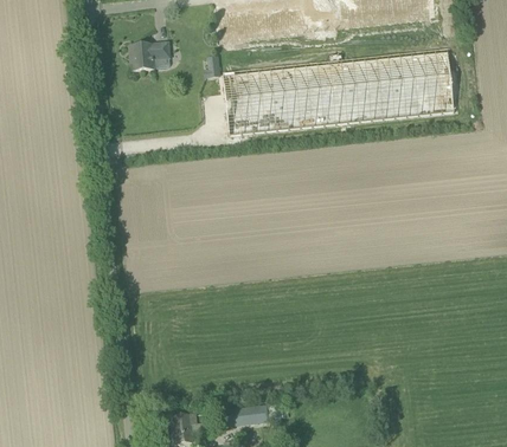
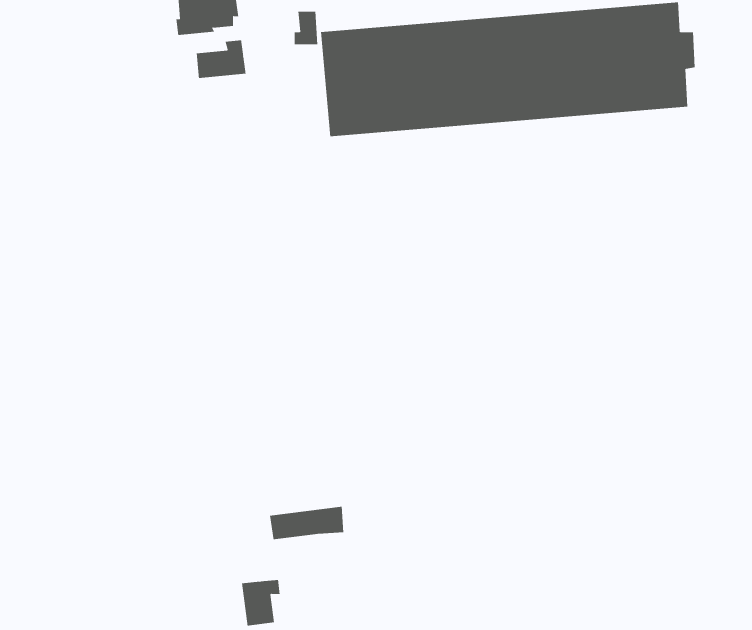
building: none -> [196,40,246,79]
building: [222,404,269,426] -> [269,506,344,540]

